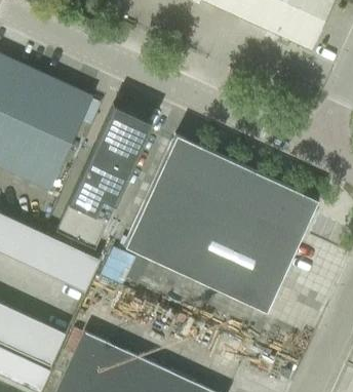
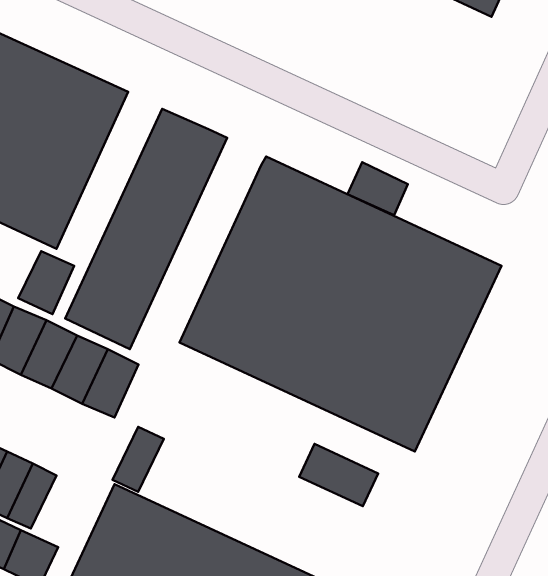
building: none -> [347,162,408,215]
building: none -> [18,251,74,314]
building: none -> [299,444,378,506]
building: [34,326,65,365] -> [113,427,164,492]

